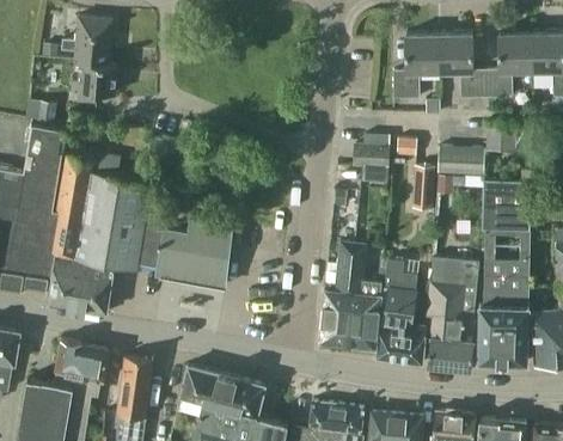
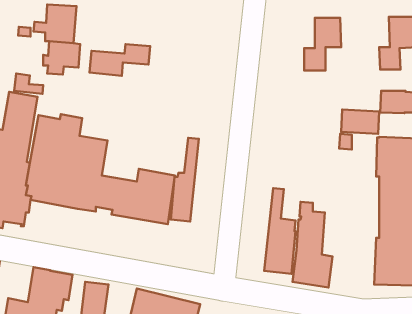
building: [436,36,485,99] -> none
building: none -> [90,44,150,76]
building: [351,136,388,186] -> none
building: [411,169,433,212] -> none
building: [319,244,354,347] -> [171,138,199,222]
building: [417,258,479,370] -> none
building: [47,259,114,313] -> none

